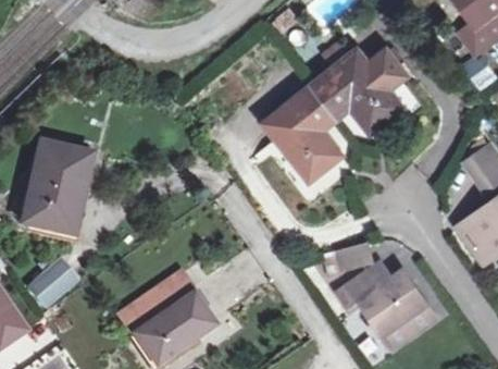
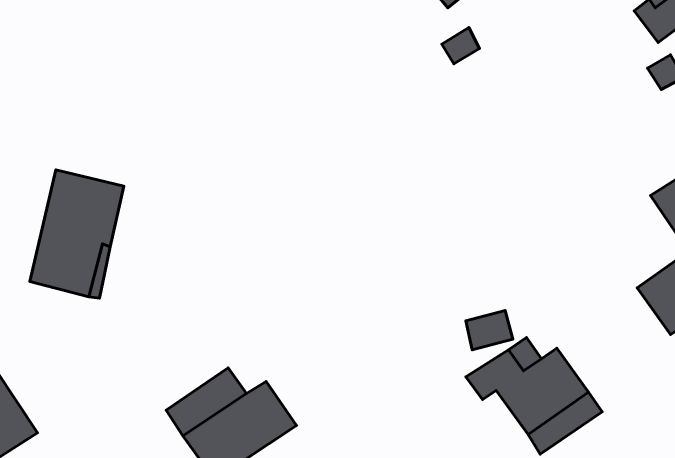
building: [265,51,403,179] -> none
building: [28,261,74,306] -> none

